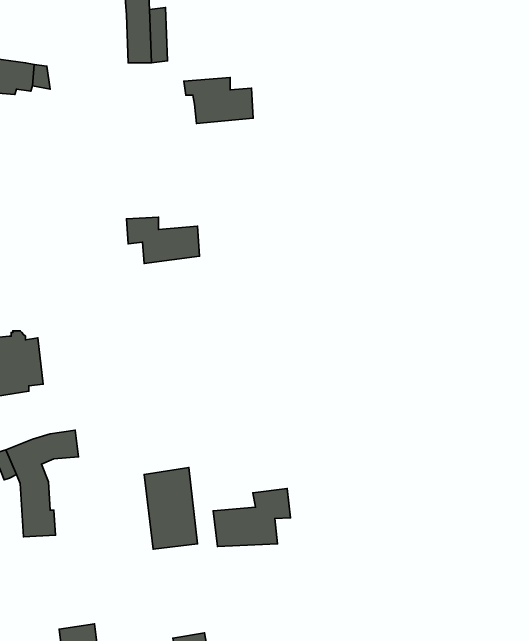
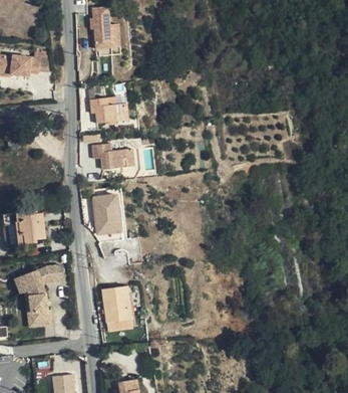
building: [184,77,253,124] -> [89,97,128,124]
building: none -> [91,194,121,242]
building: [213,489,290,546] -> none

